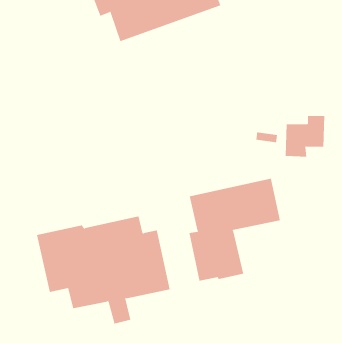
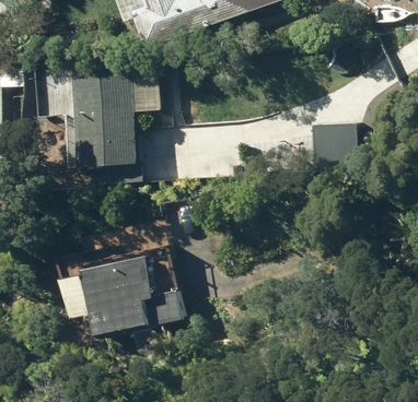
building: none -> [66,68,136,165]
building: [189,178,280,282] -> none

